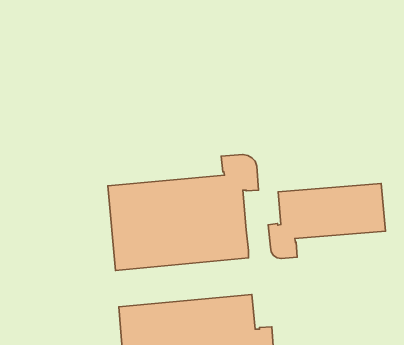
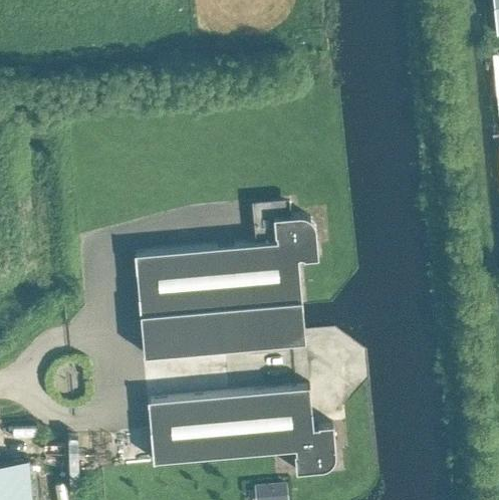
building: [268,184,386,259] -> none

